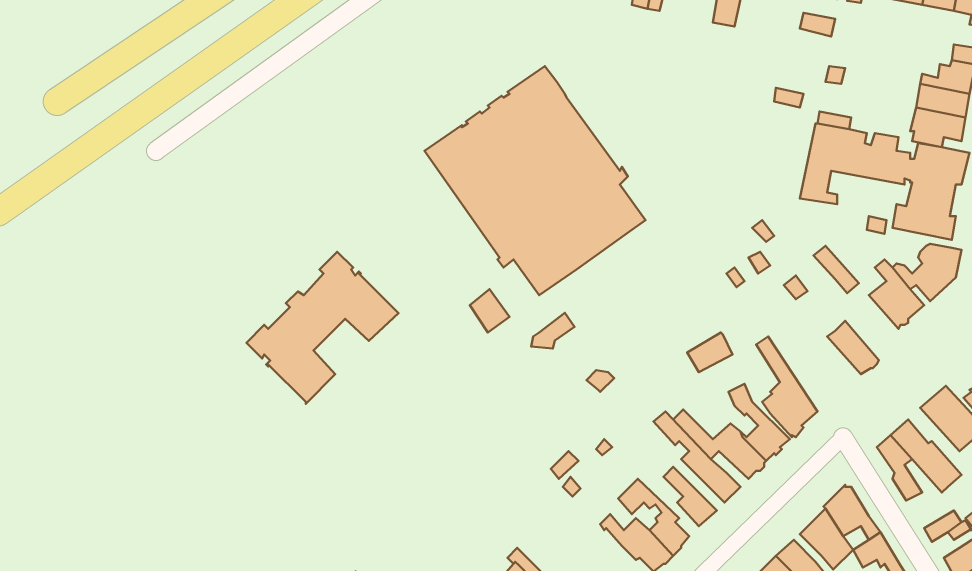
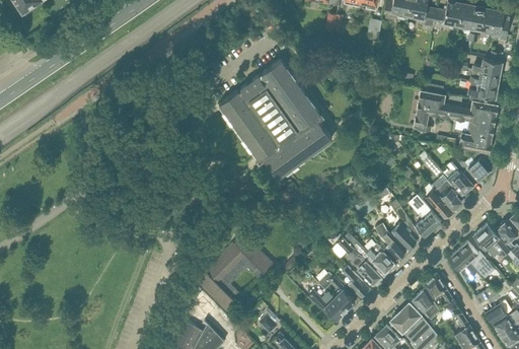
building: [246,252,398,404] -> [196,233,274,311]
building: none -> [435,180,462,211]
building: none -> [409,195,440,235]

